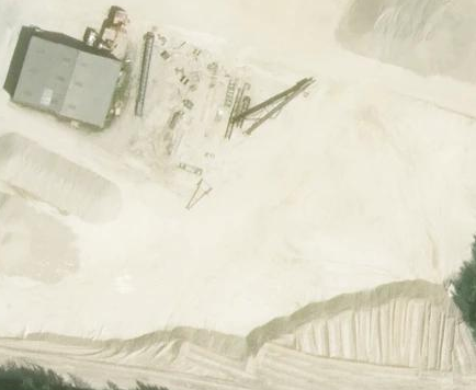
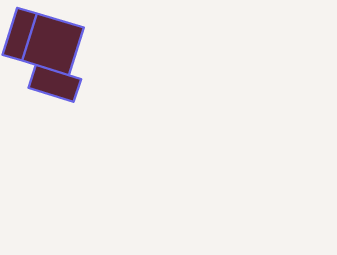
building: none -> [28,65,81,102]

